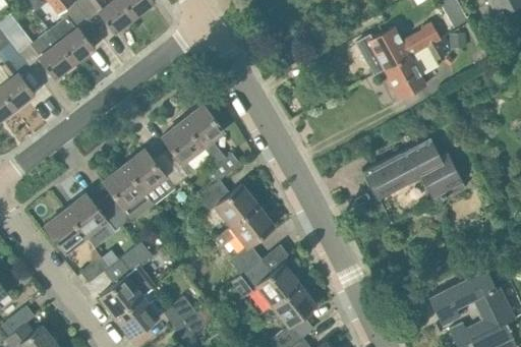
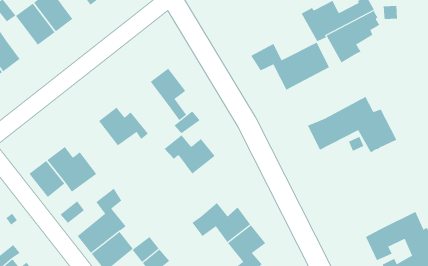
building: none -> [251,42,330,91]
building: [162,121,204,180] -> none
building: [104,166,155,226] -> none
building: [215,206,275,275] -> none

